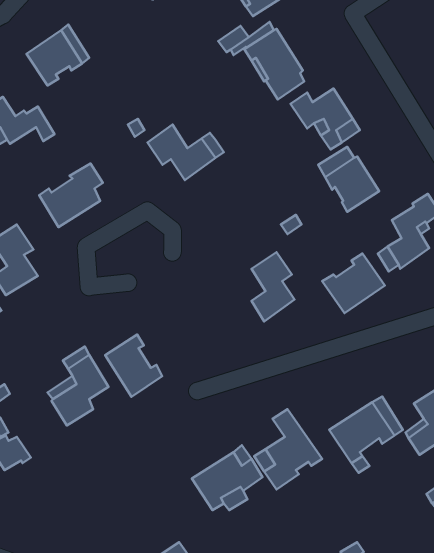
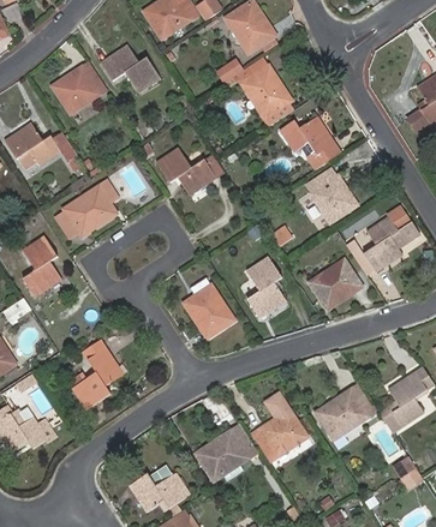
building: none -> [101,46,159,92]
building: [105,334,162,397] -> [184,285,233,339]
building: none -> [129,468,190,511]

